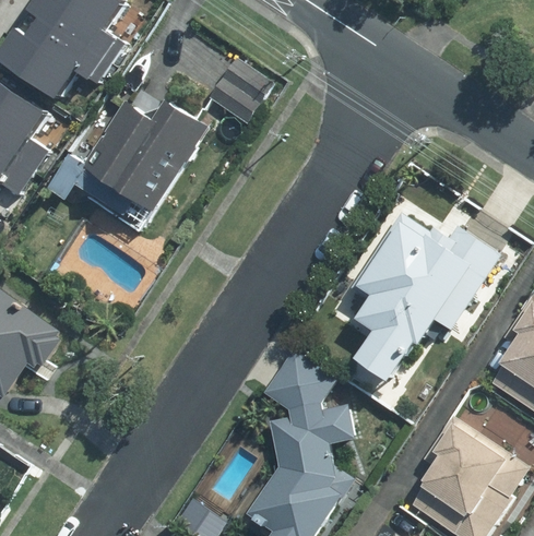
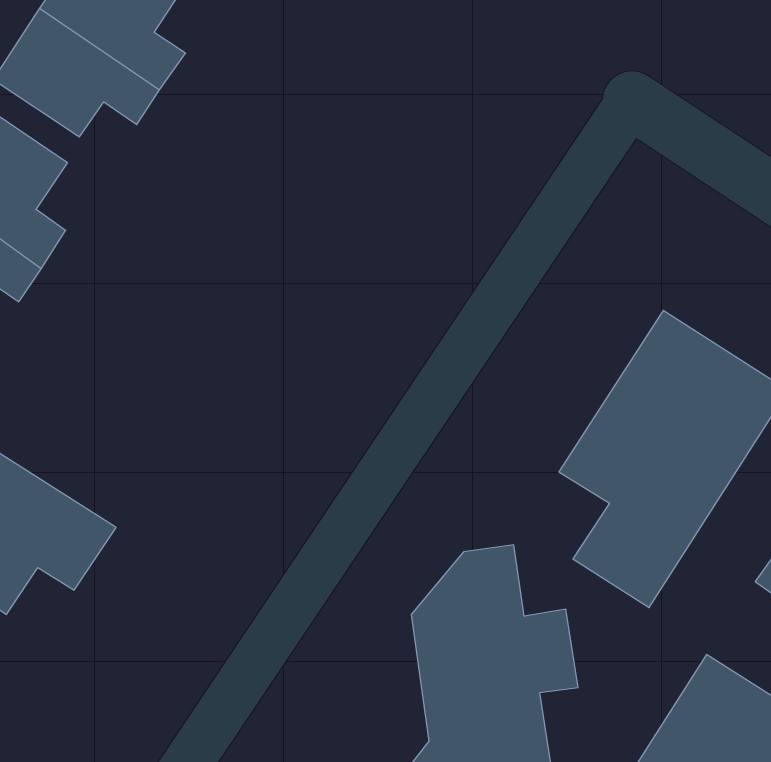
building: [206,62,265,121] -> none
building: [45,95,215,235] -> none

